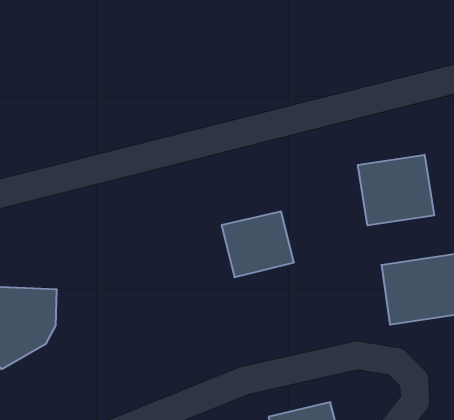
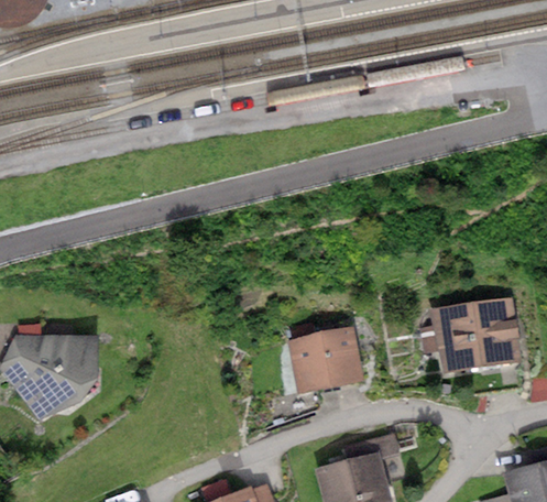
building: [358,155,434,225] -> none
building: [222,211,294,277] -> [287,327,362,395]

